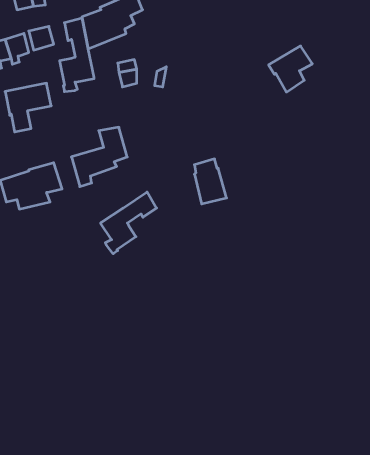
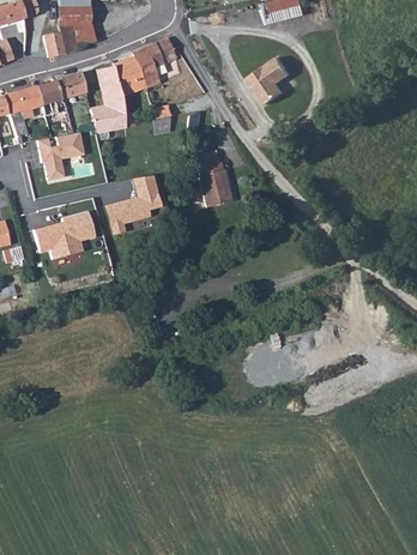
building: [269,46,312,92] -> [248,56,292,103]
building: [194,159,227,204] -> [200,161,232,206]
building: [101,192,157,254] -> none

